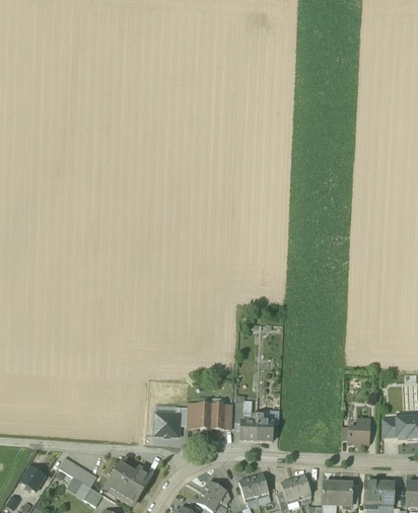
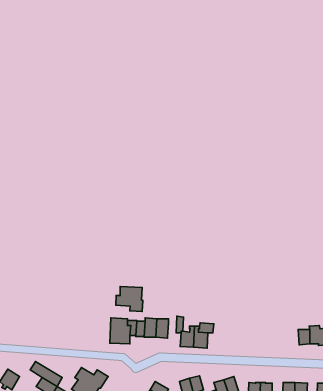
building: none -> [116,287,143,312]
building: [348,418,368,442] -> none

